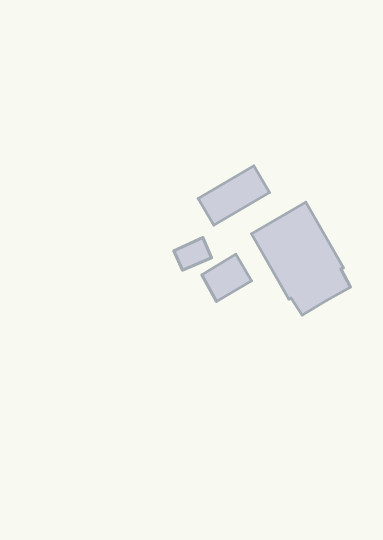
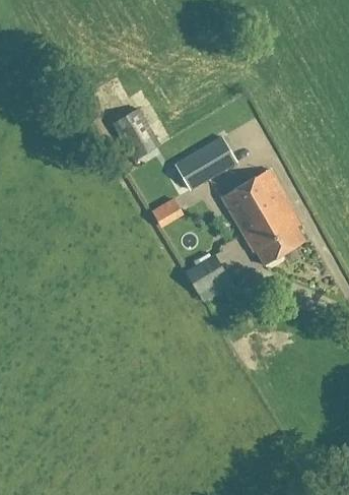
building: none -> [114,108,160,160]
building: [202,254,251,301] -> [186,254,227,294]

